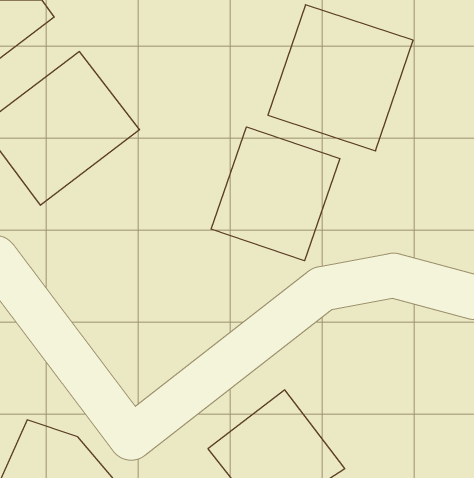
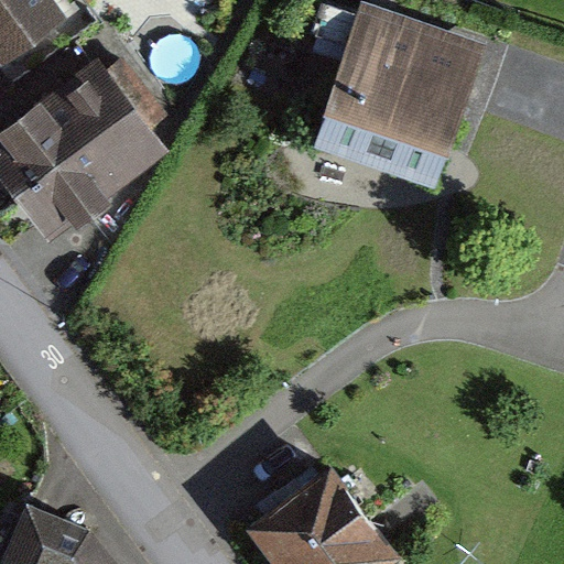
building: [211,127,340,261] -> none

